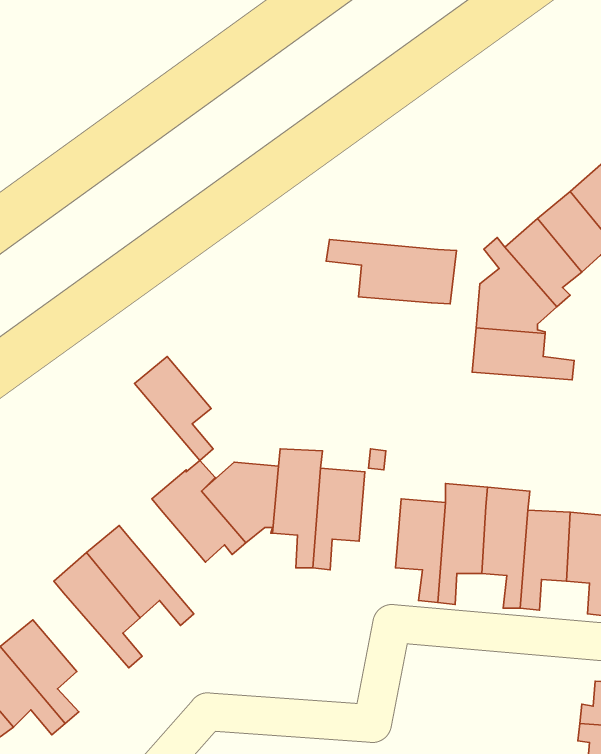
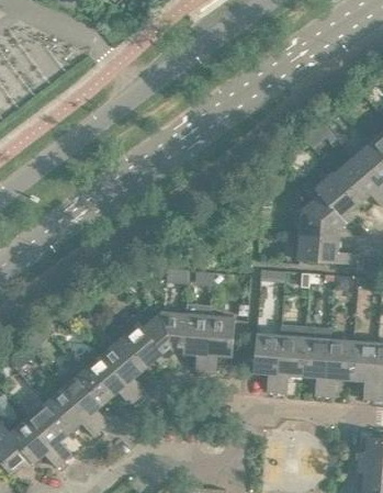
building: [326,239,456,304] -> none
building: [134,357,213,460] -> [100,339,145,399]
building: none -> [45,386,100,436]

